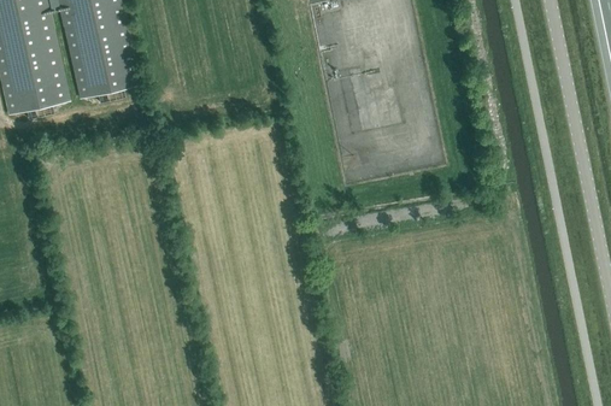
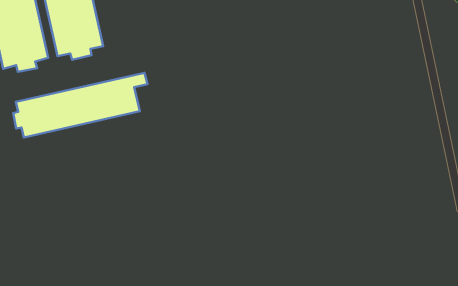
building: none -> [13,73,147,137]

